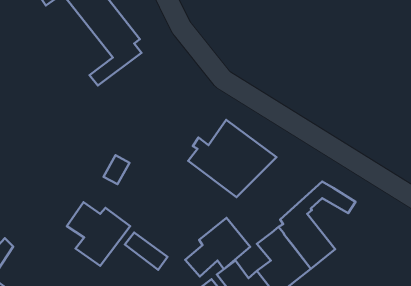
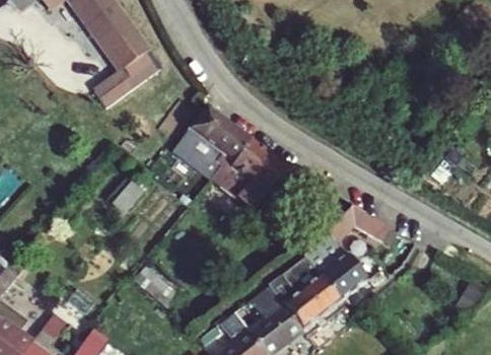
building: none -> [177,106,248,191]
building: [67,202,130,266] -> none
building: [185,218,250,276] -> none

